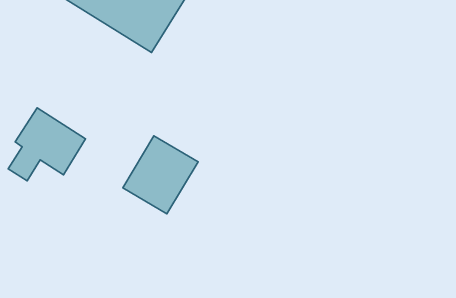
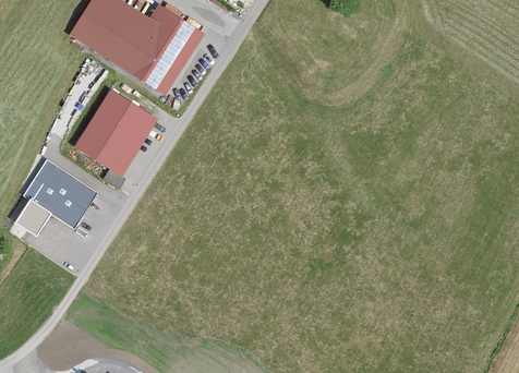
building: [123,136,198,214] -> [77,91,159,176]

